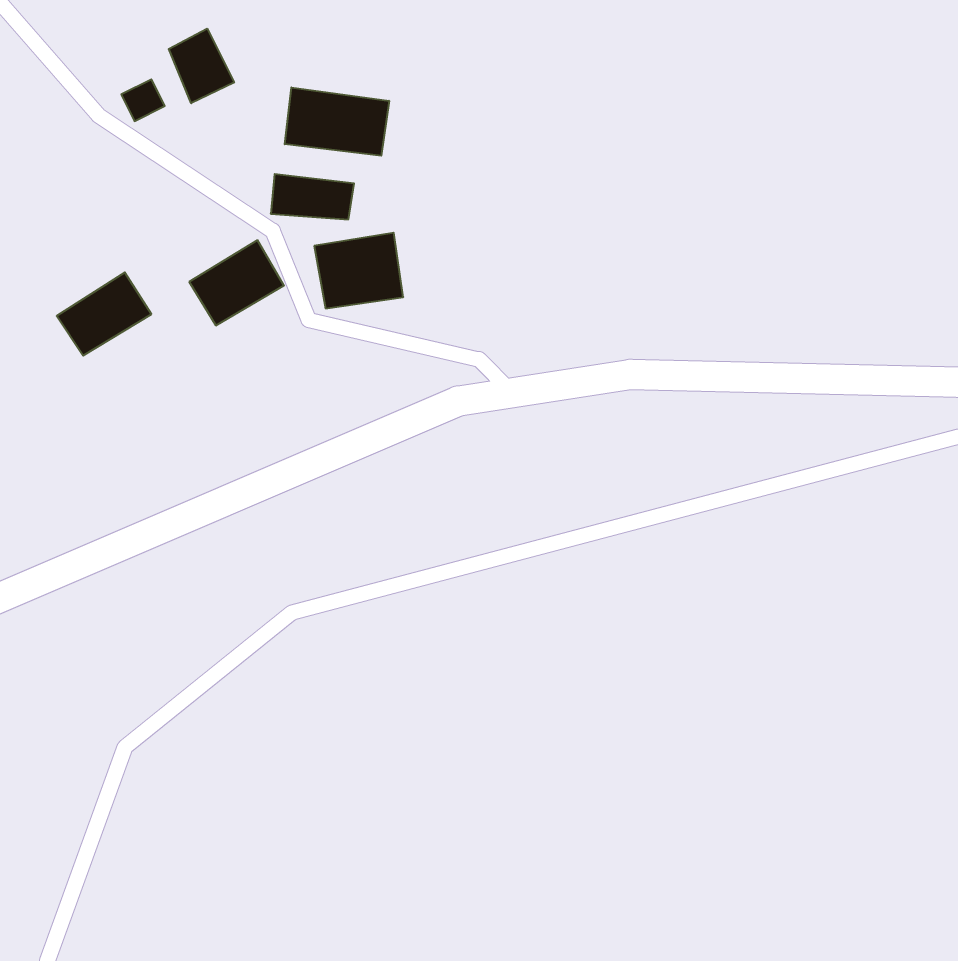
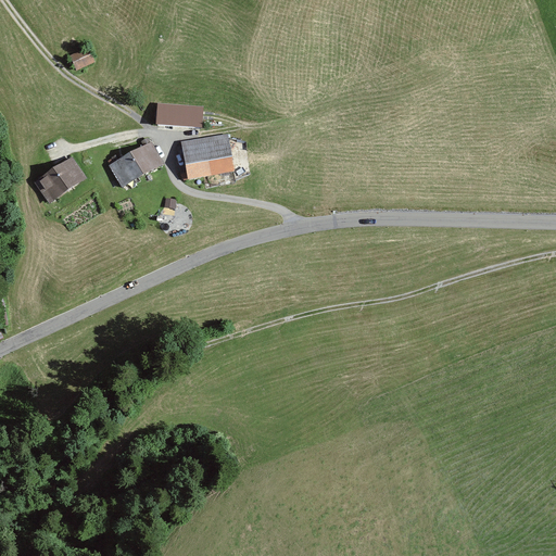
building: [169,29,234,103] -> none
building: [285,87,389,156] -> none

